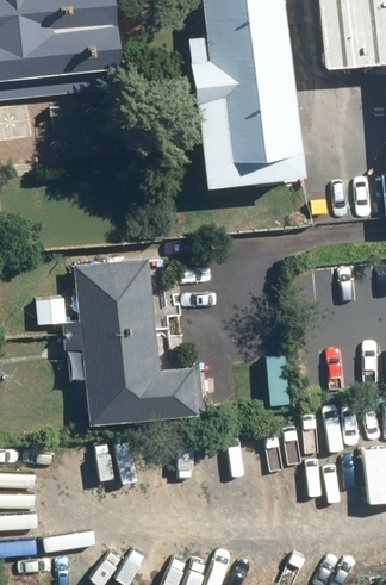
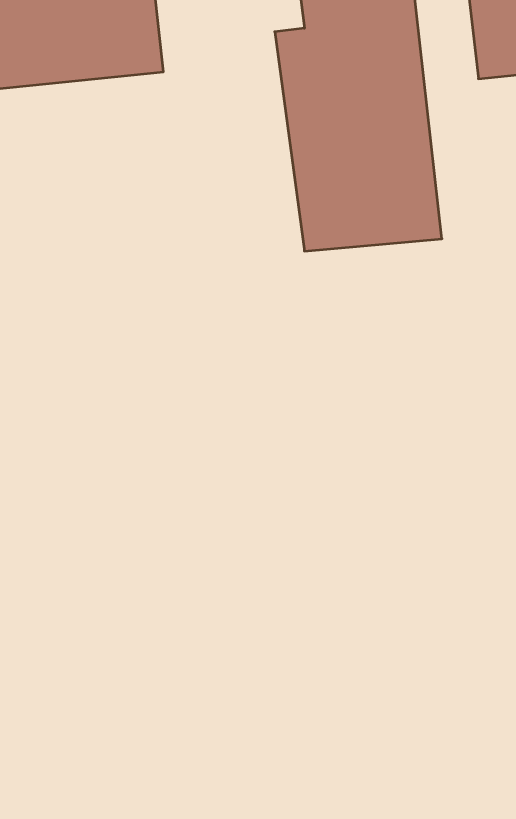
building: [75,257,195,427] -> none

